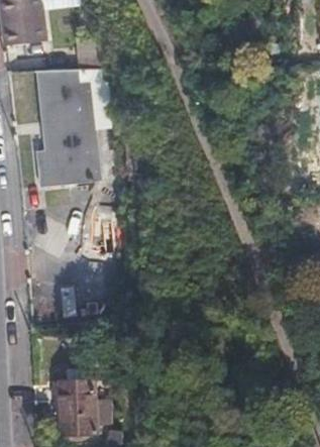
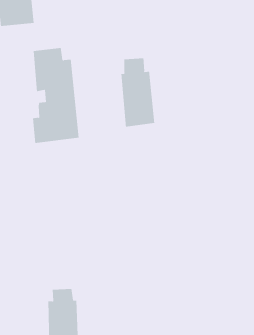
building: none -> [121,57,155,127]

